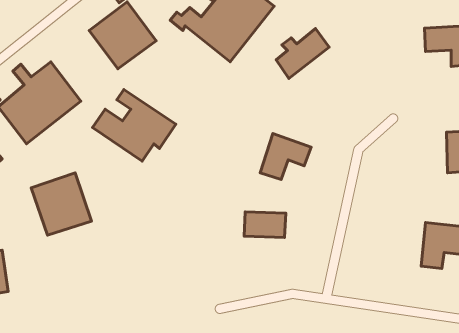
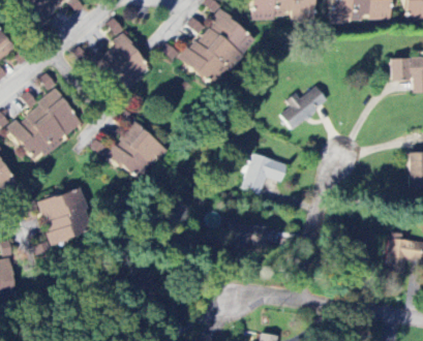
building: [276,29,329,78] -> [281,85,329,129]

